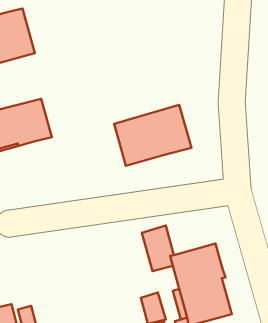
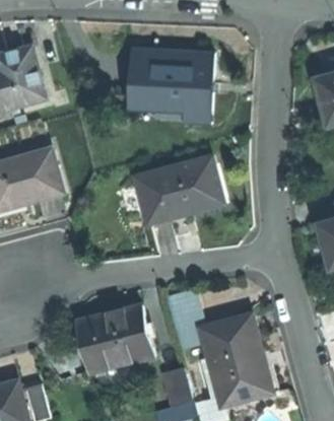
building: none -> [127,48,213,124]
building: none -> [77,308,153,374]

